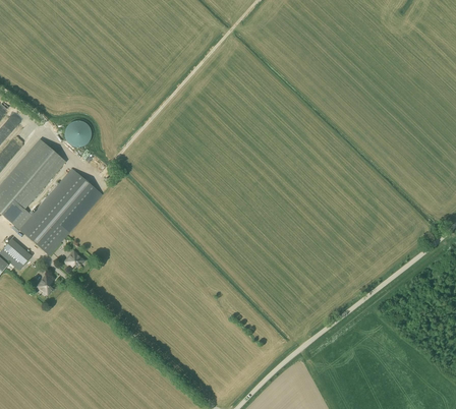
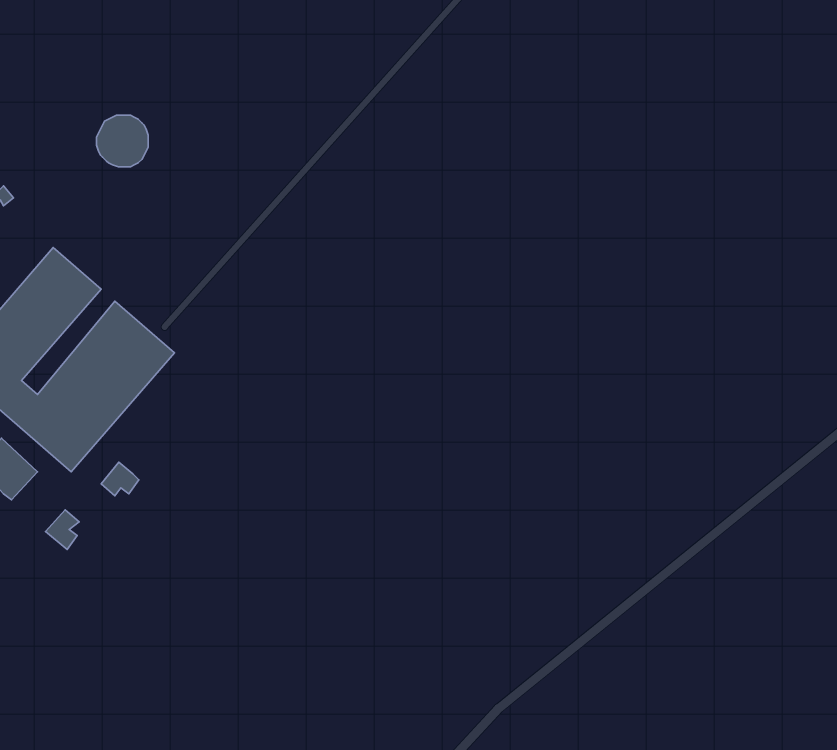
building: [65,119,92,145] -> [97,115,148,167]

